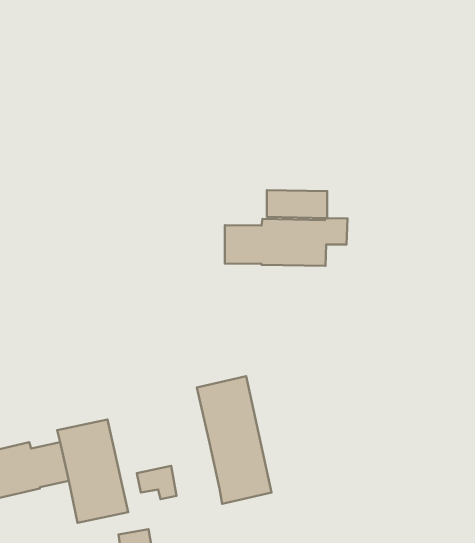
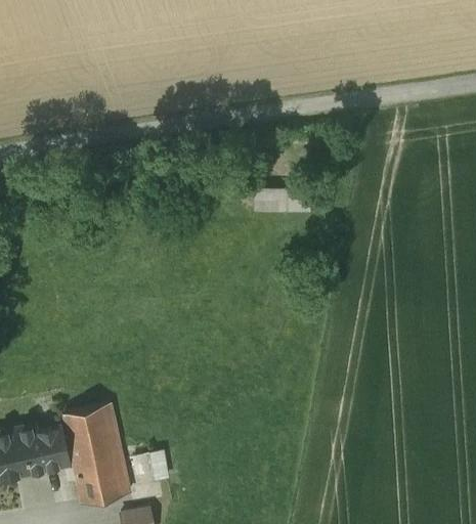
building: [225,218,347,266] -> none
building: [197,376,271,504] -> none

